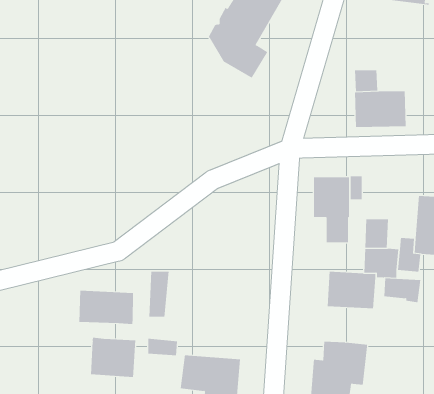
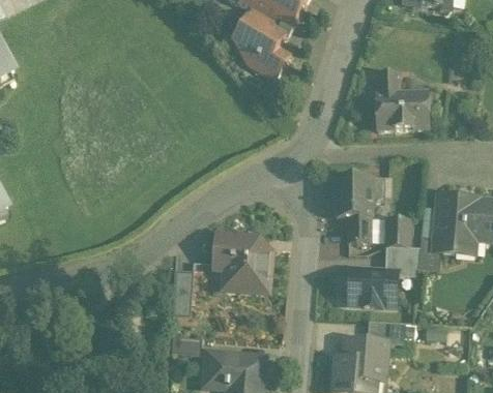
building: none -> [213,236,269,291]
building: [384,278,421,303] -> [368,322,405,346]
building: [79,290,134,325] -> none
building: [90,337,136,378] -> none

